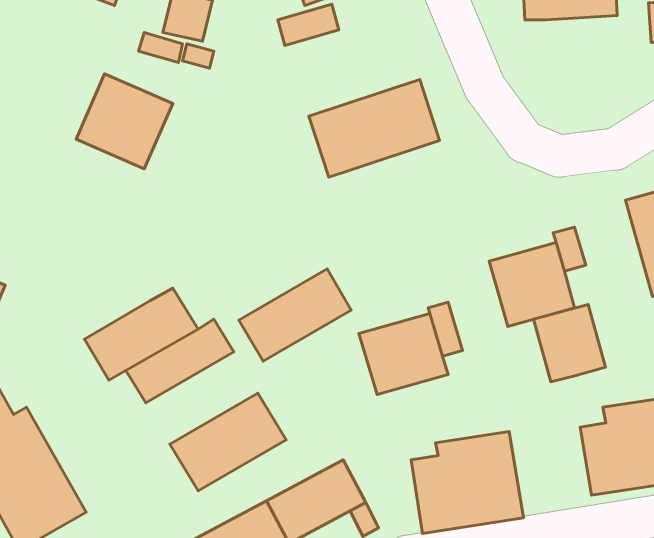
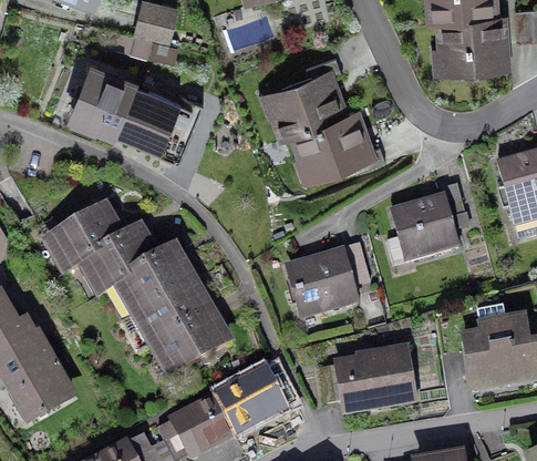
building: none -> [436,16,512,74]
building: none -> [123,83,204,158]
building: none -> [283,112,374,185]
building: none -> [37,202,127,279]
building: [239,269,351,361] -> [124,278,211,350]
building: [534,304,606,382] -> none

